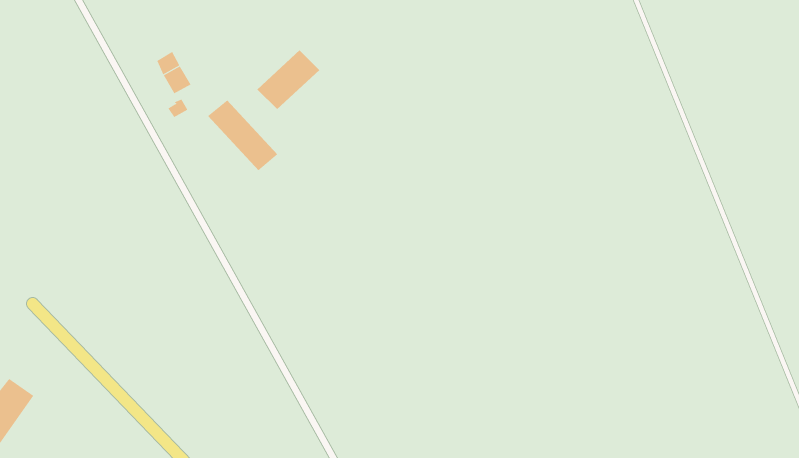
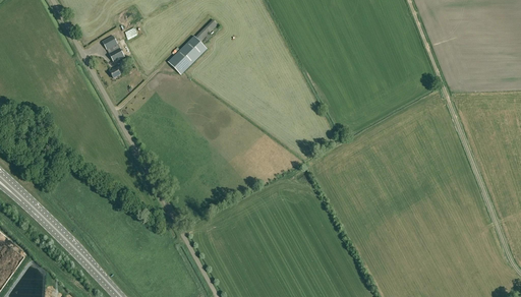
building: [207,99,278,171] -> none

